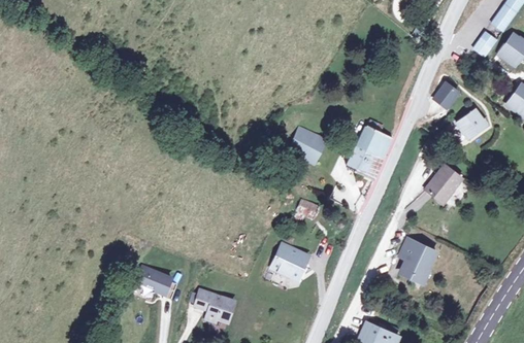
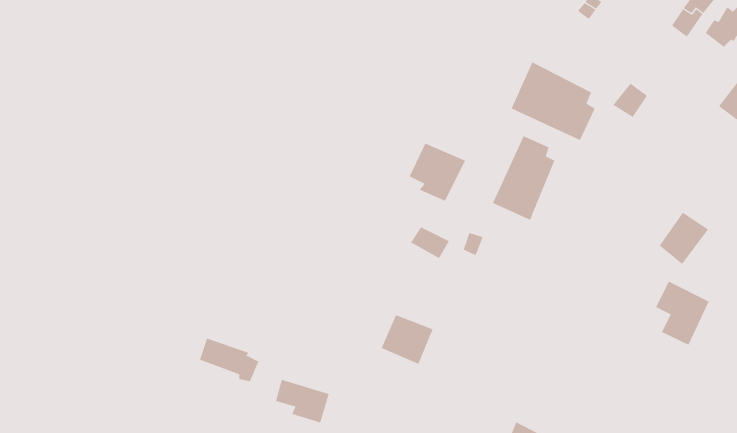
building: none -> [511,62,595,141]
building: [456,113,486,142] -> none
building: [431,160,466,197] -> [659,212,709,265]
building: [400,237,438,282] -> [655,281,709,345]

